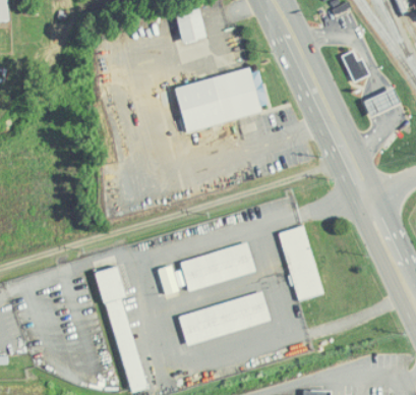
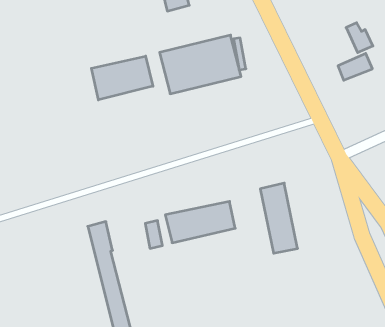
building: [341,50,369,81] -> [346,23,373,53]
building: none -> [91,56,153,100]
building: [178,292,270,343] -> none

